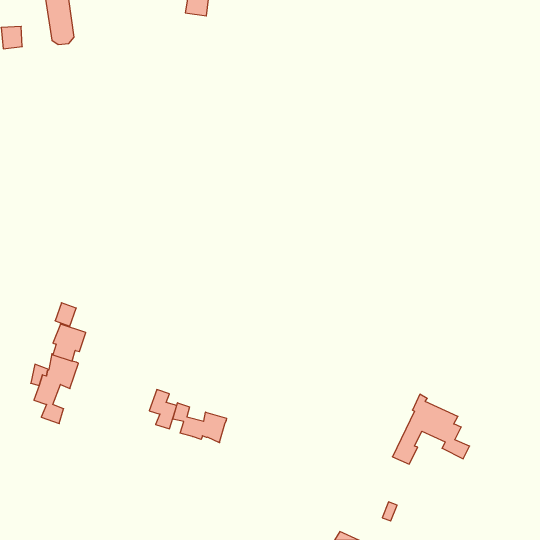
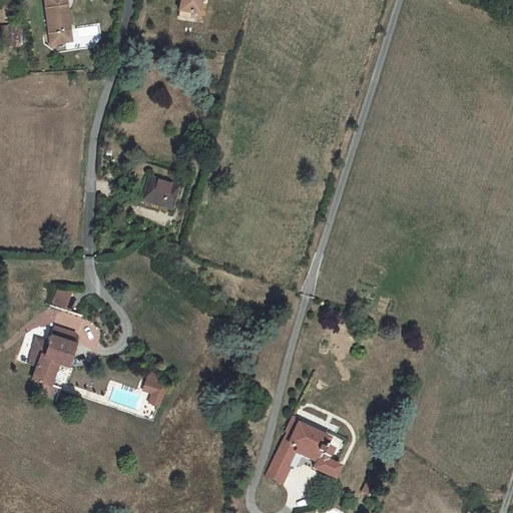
building: none -> [141,175,179,209]
building: [392,394,470,464] -> [267,416,340,482]
building: [173,403,226,443] -> none

